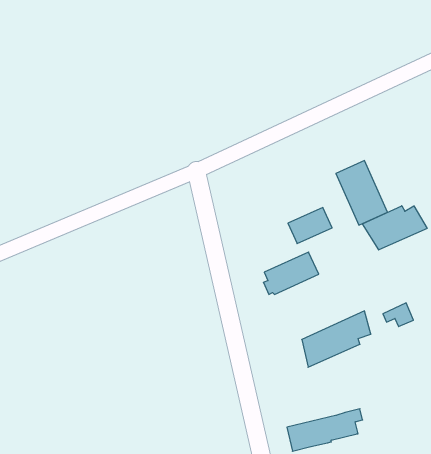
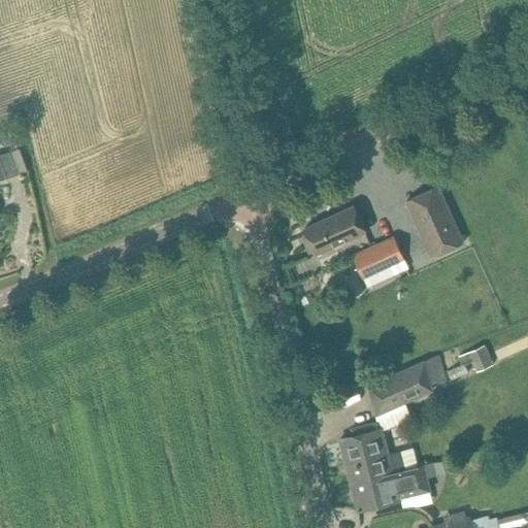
building: [362,206,427,250] -> none
building: [263,252,319,294] -> [302,207,364,255]
building: none -> [339,430,406,485]

